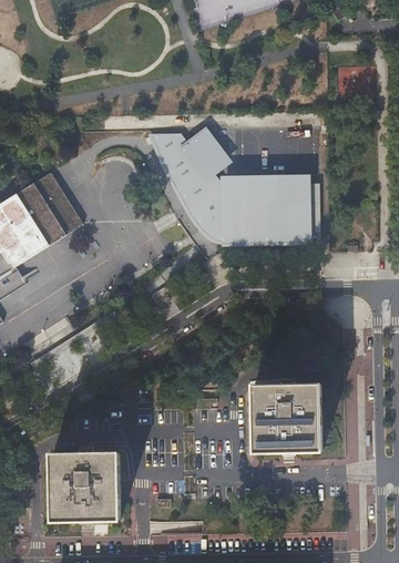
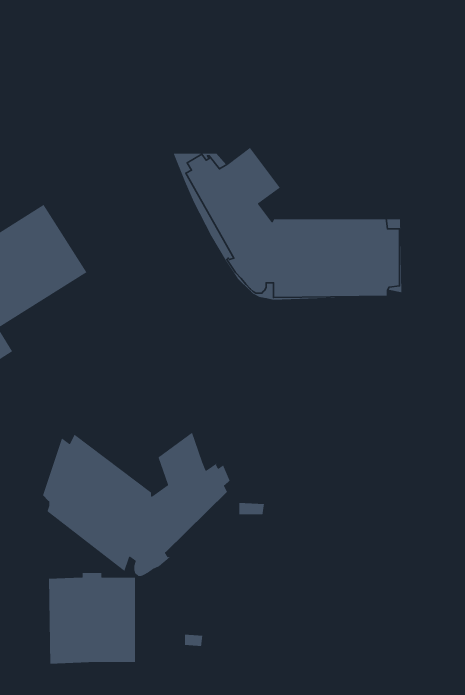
building: none -> [42,432,230,577]
building: [253,381,320,453] -> none

